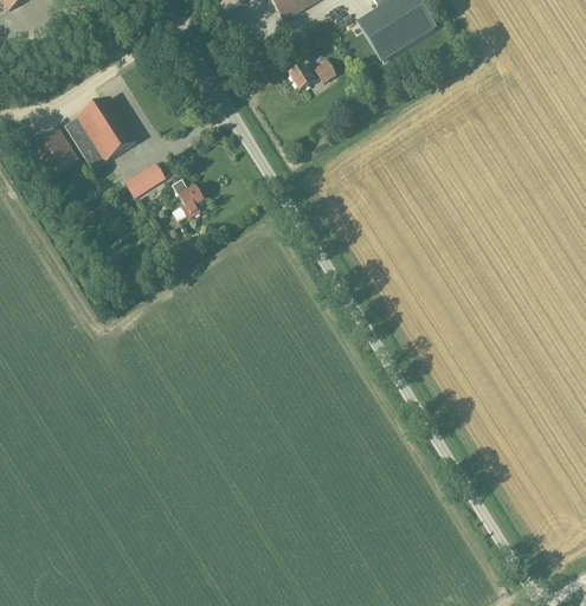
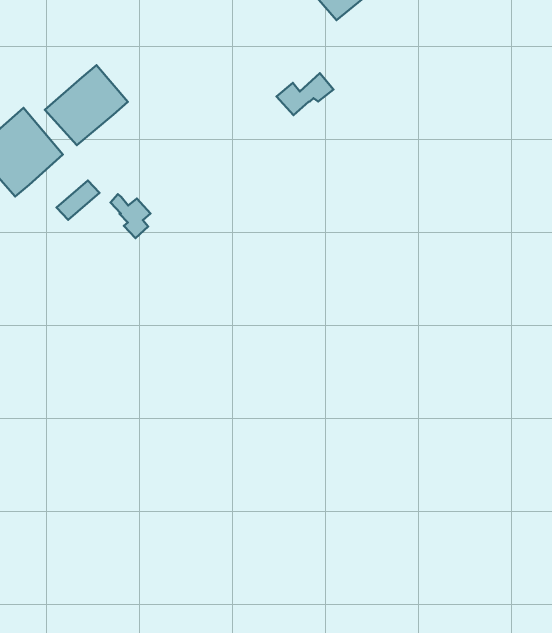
building: [288,57,336,89] -> [277,73,333,115]
building: none -> [45,65,128,145]

